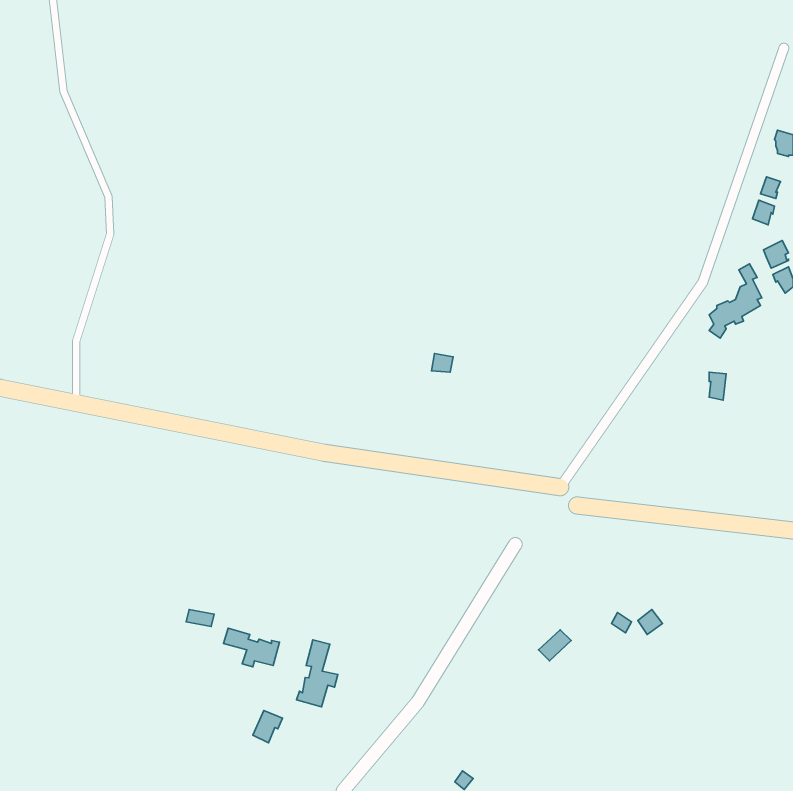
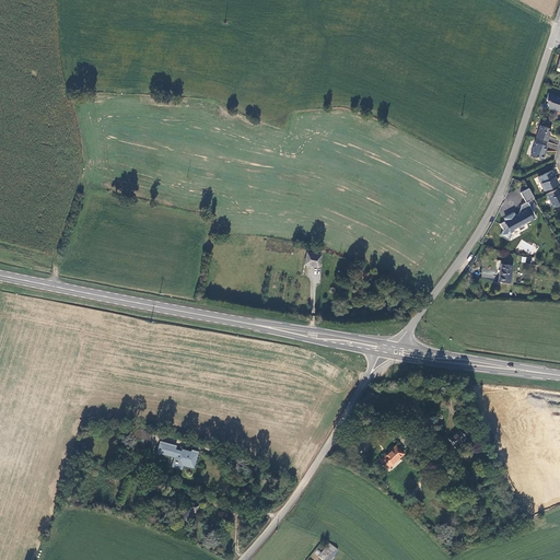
building: [297,640,338,707] -> none

